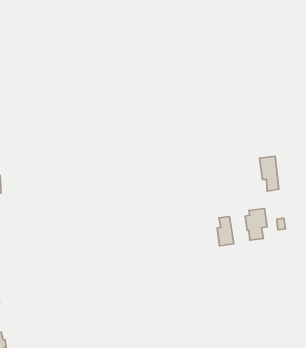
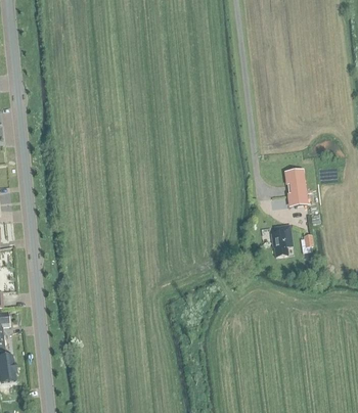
building: [217,217,234,246] -> none

